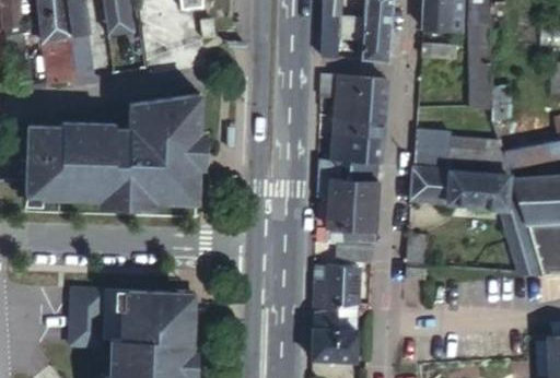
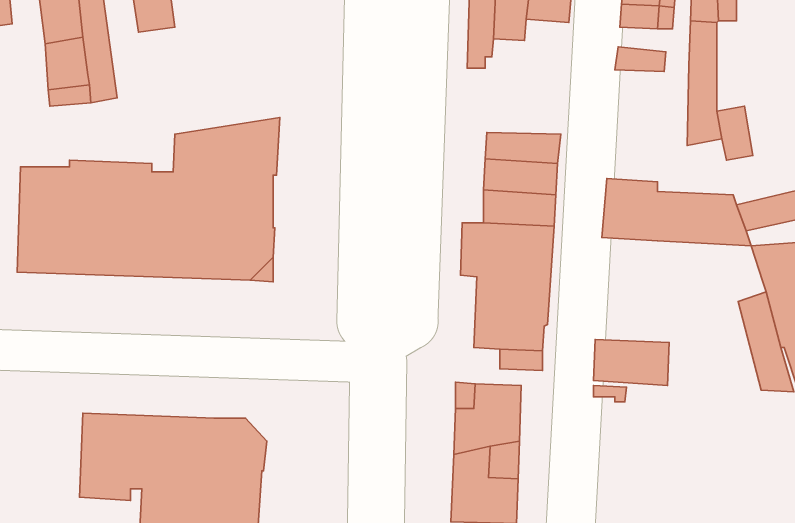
building: [360,26,392,62] -> none
building: [323,78,387,103] -> none
building: [412,172,521,209] -> none

